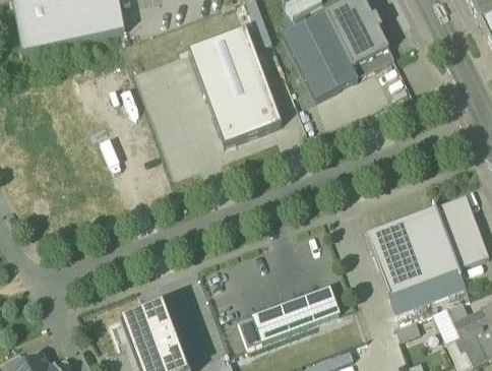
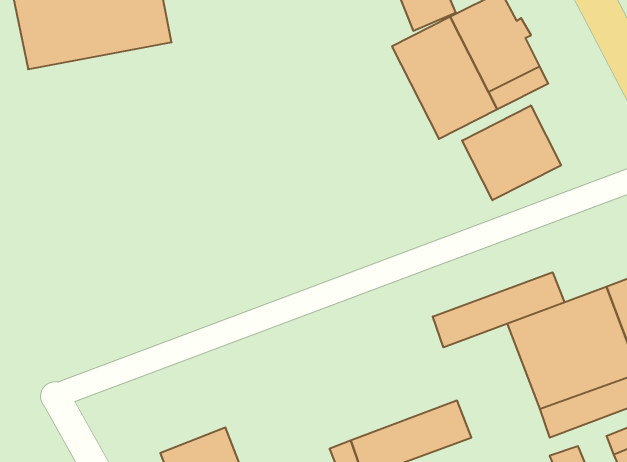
building: [189,28,283,145] -> none
building: none -> [462,105,561,200]
building: none -> [433,272,565,347]

